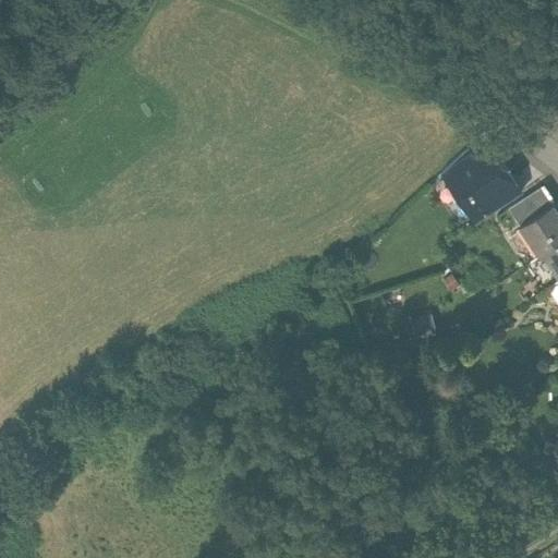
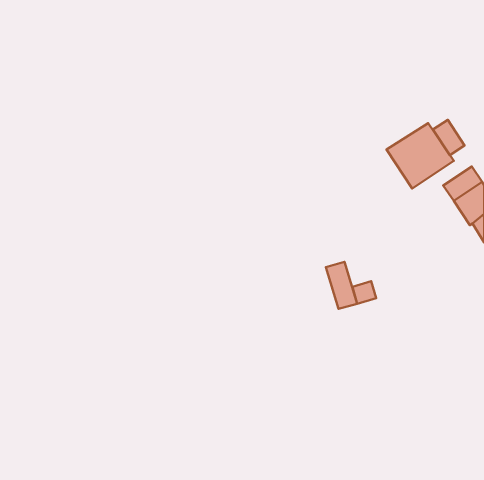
building: none -> [433,120,465,155]
building: none -> [326,262,357,309]

